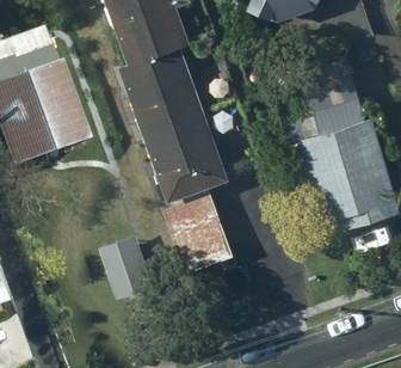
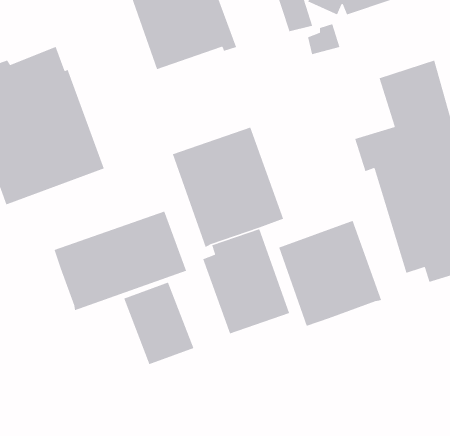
building: [117,45,202,129] -> none
building: none -> [54,210,187,311]
building: none -> [278,220,382,327]

